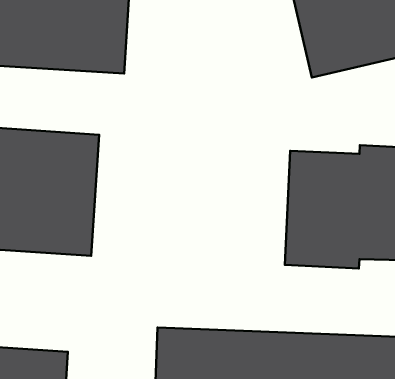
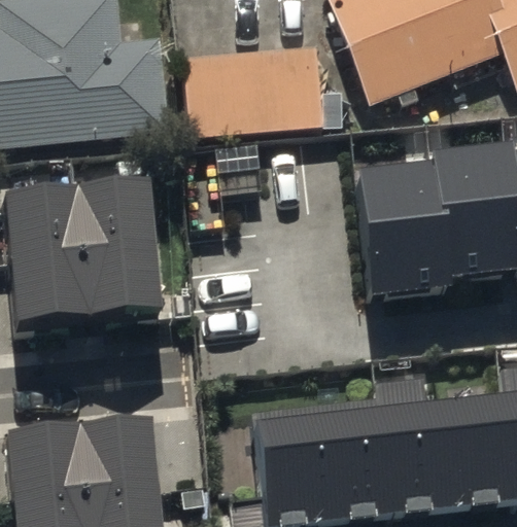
building: none -> [184,47,324,138]

